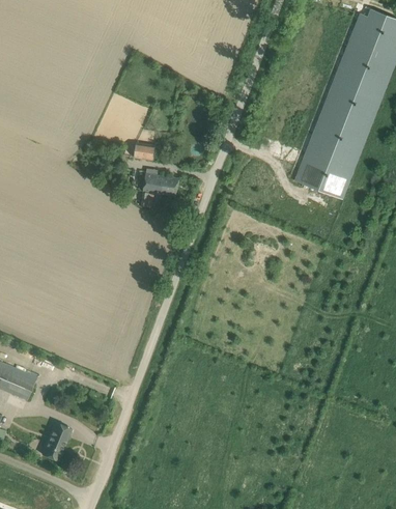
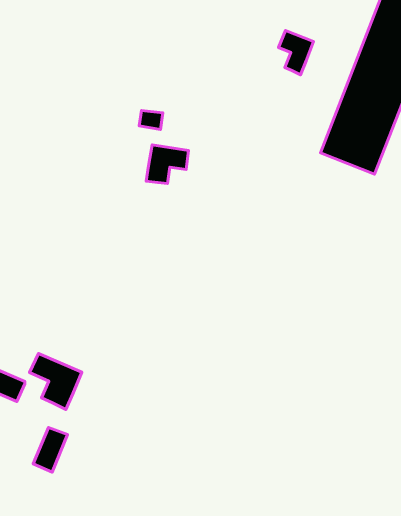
building: none -> [278,31,313,75]
building: none -> [29,354,82,409]

